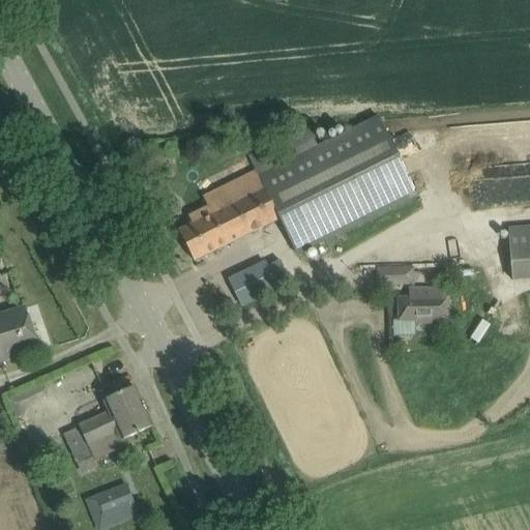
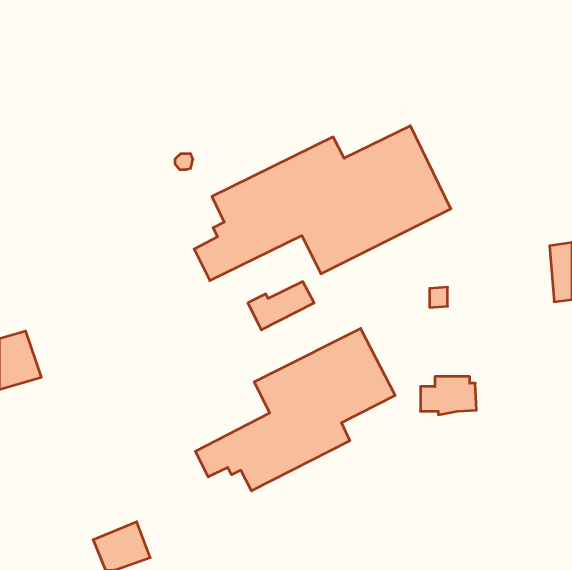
building: [398,287,449,322] -> [420,377,476,415]
building: none -> [195,328,395,491]
building: [62,386,152,463] -> none

